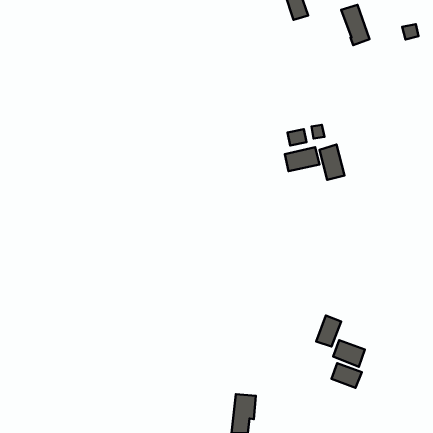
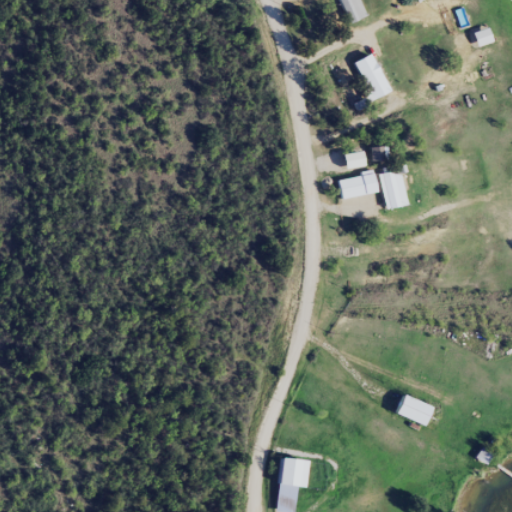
building: [341,5,370,45] -> [358,53,391,100]
building: [316,315,341,347] -> none
building: [332,363,362,388] -> none

